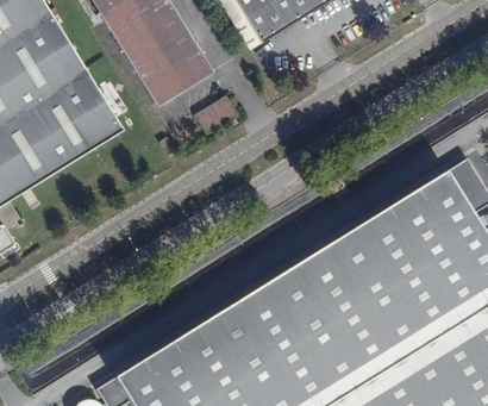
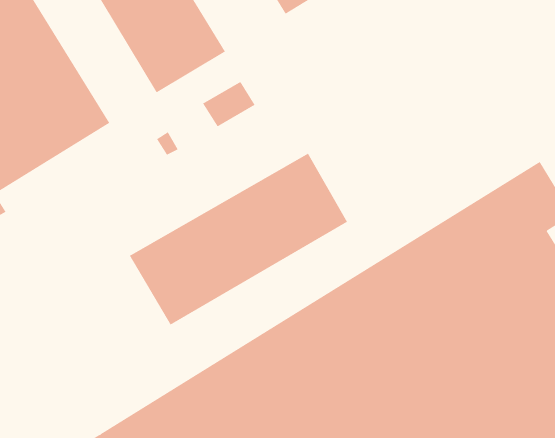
building: none -> [129,153,348,326]

